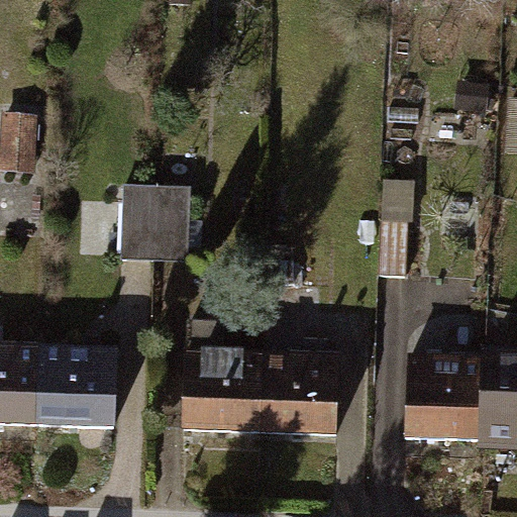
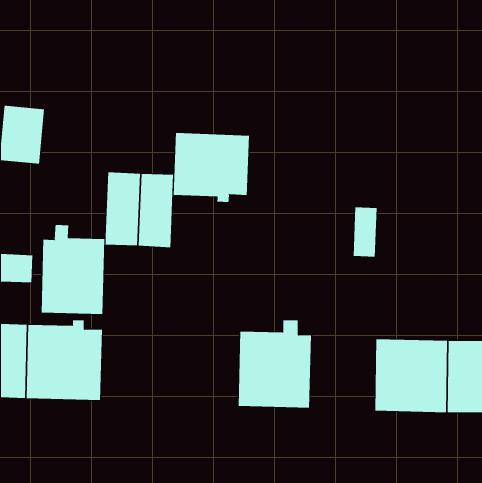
building: none -> [173,132,250,203]
building: none -> [41,224,105,315]
building: [181,328,258,432] -> none

